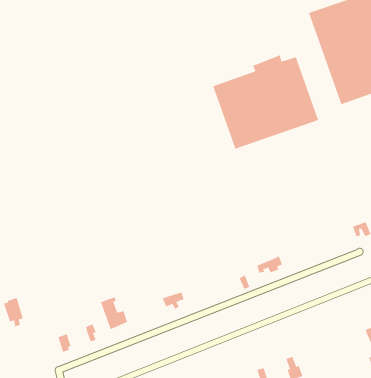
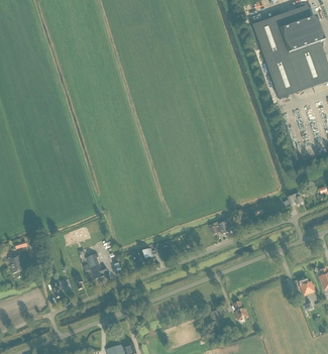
building: [213,55,319,150] -> none

